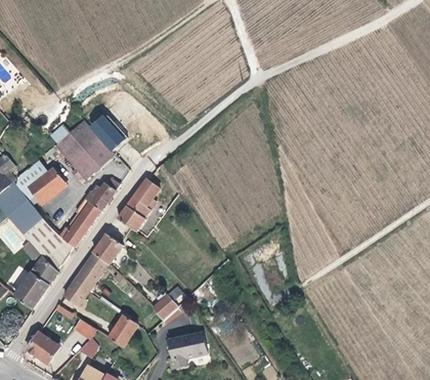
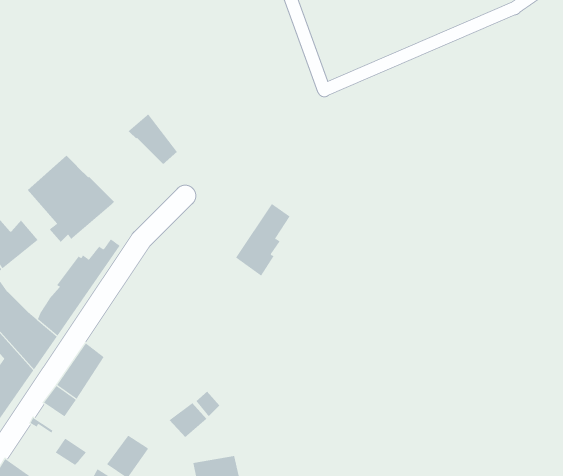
building: [90,118,125,154] -> [128,114,178,165]
building: [118,179,157,230] -> [235,203,291,277]
building: [94,234,121,262] -> none

